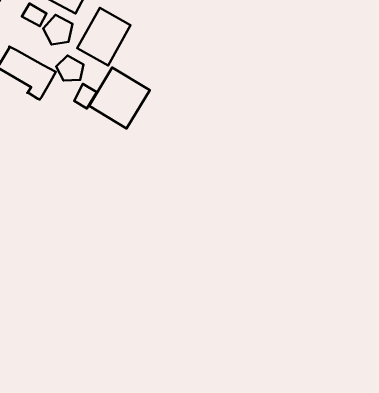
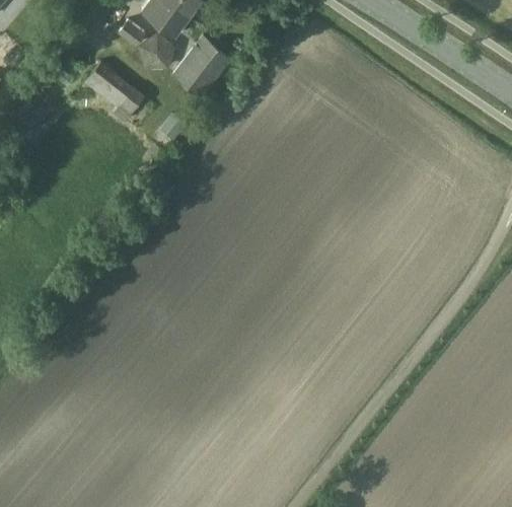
building: [56,56,84,80] -> none
building: [89,68,150,129] -> none

